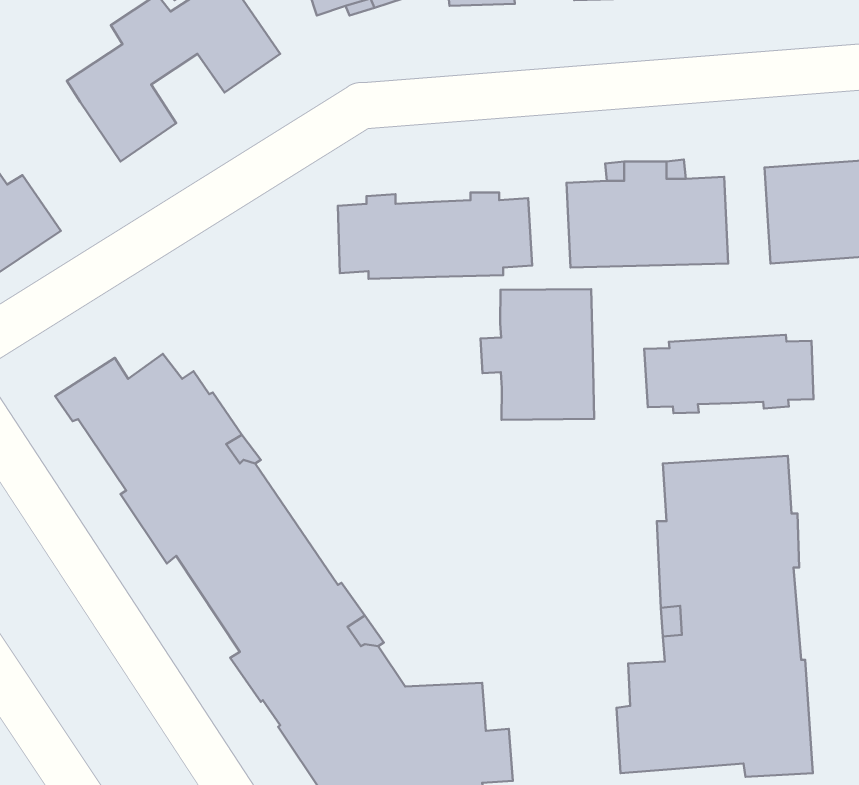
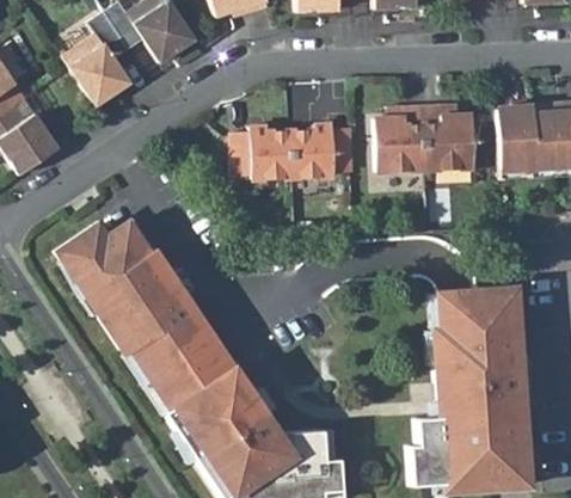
building: [480,289,594,420] -> none
building: [644,335,813,413] -> none

